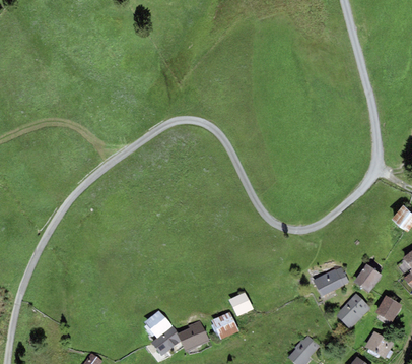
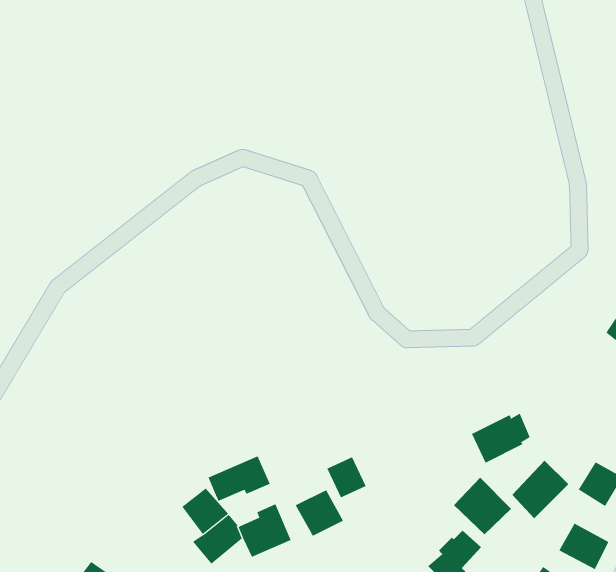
building: [354,263,383,292] -> none
building: none -> [208,455,271,502]
building: none -> [453,477,512,535]

